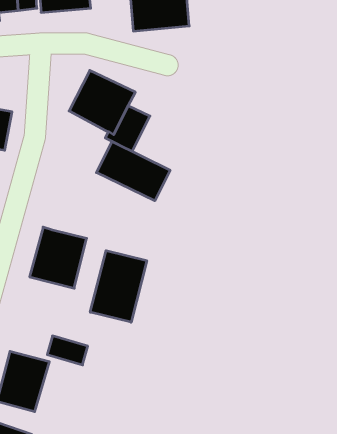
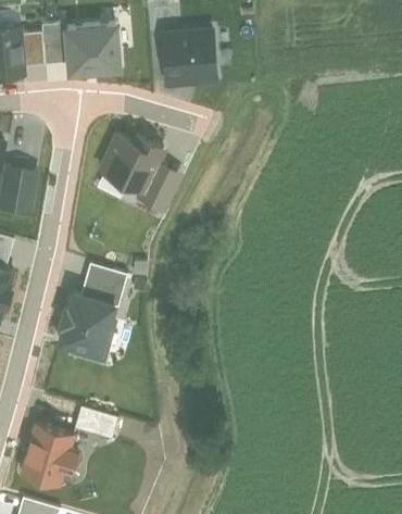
building: [96,141,170,201] -> none
building: none -> [79,265,124,304]
building: [90,251,147,322] -> none

